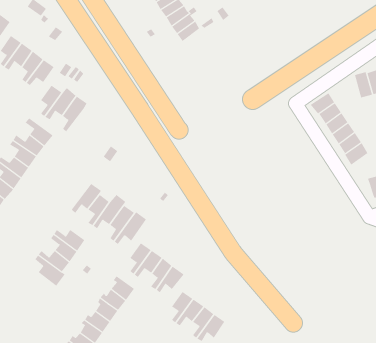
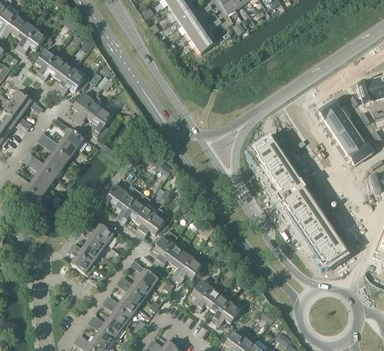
building: none -> [250,138,346,267]

